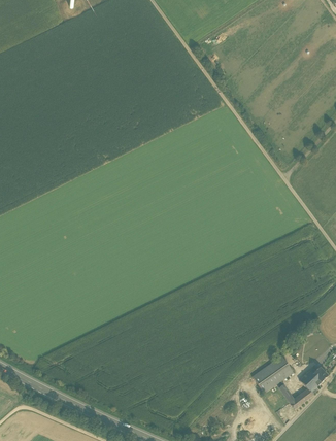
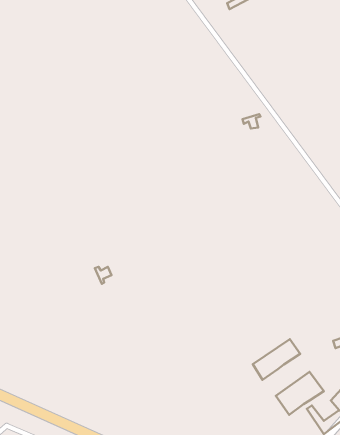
building: none -> [253,339,300,380]

